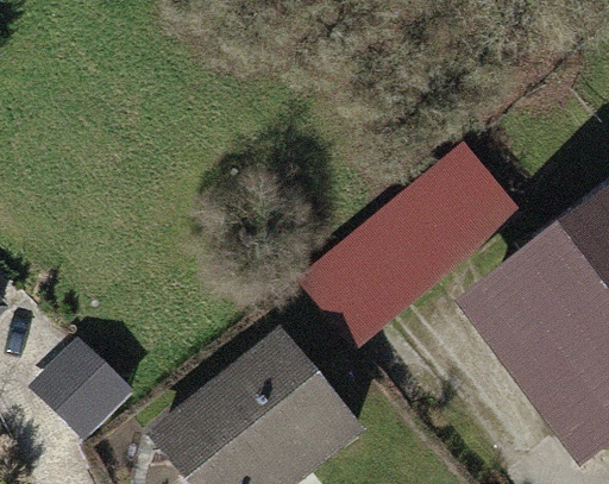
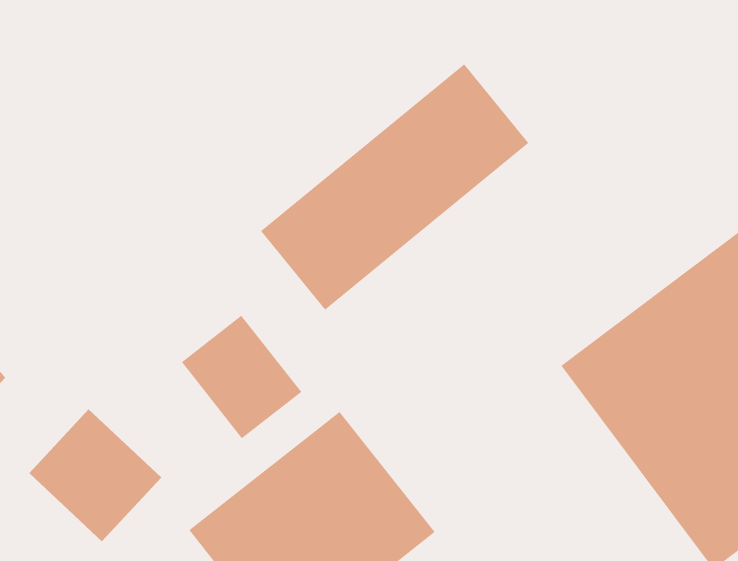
building: [303,136,521,335] -> [260,64,529,310]
building: none -> [181,315,302,439]

